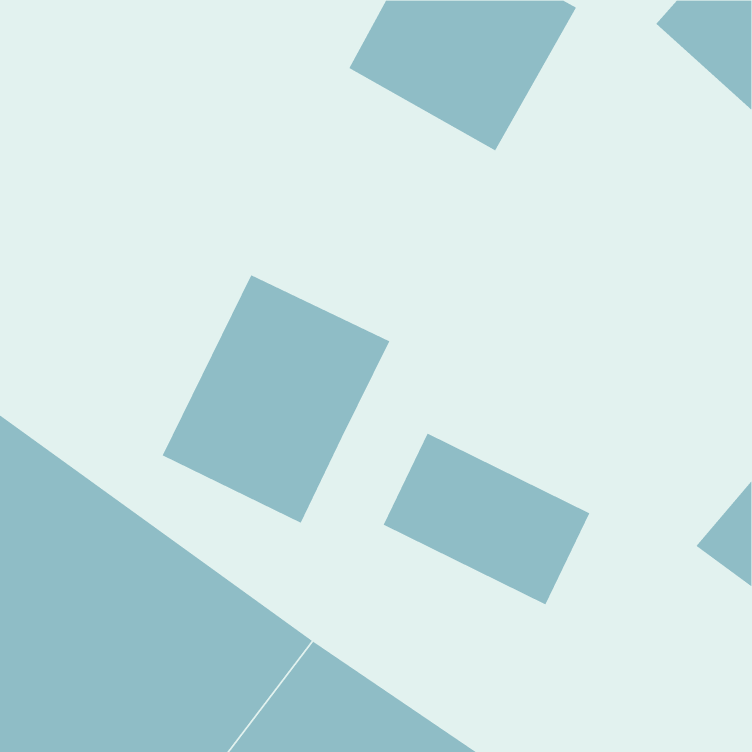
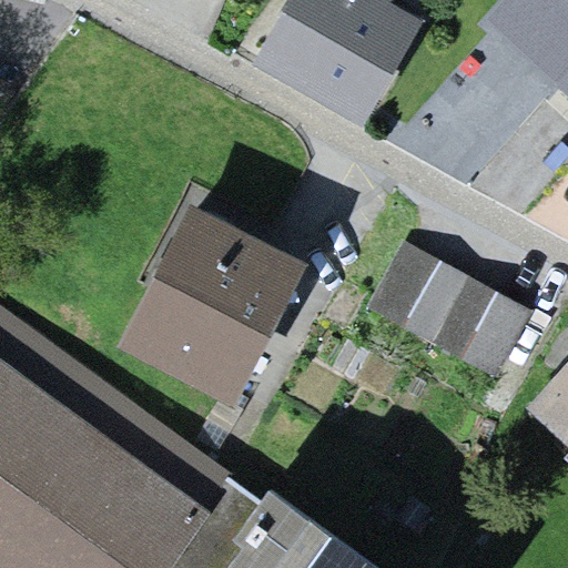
building: [383,433,590,605] -> [371,245,526,374]

